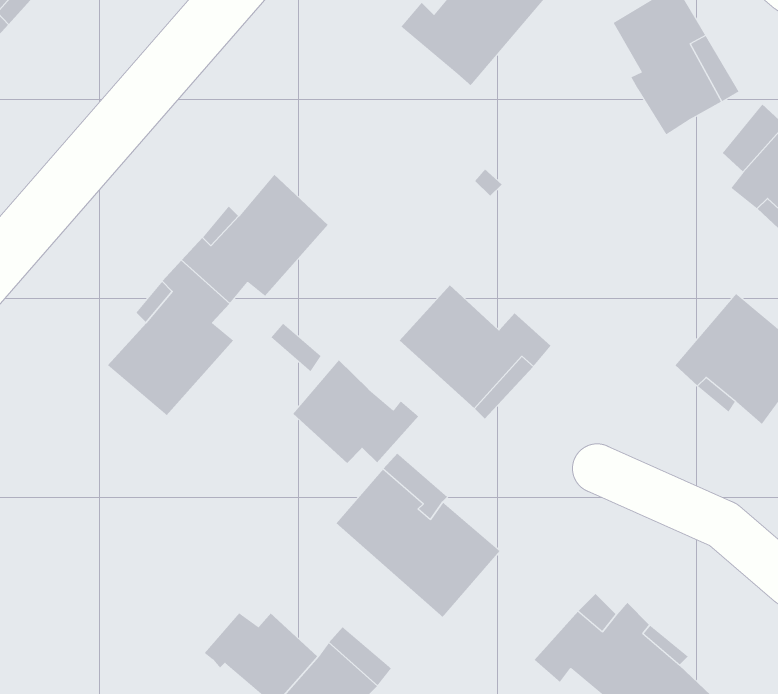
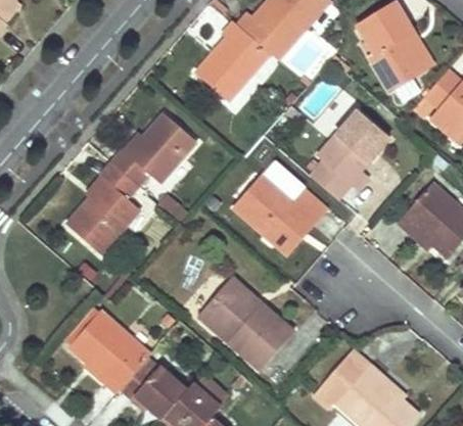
building: none -> [195,21,269,100]
building: none -> [310,114,383,199]
building: [293,360,419,464] -> none
building: none -> [71,313,151,395]

